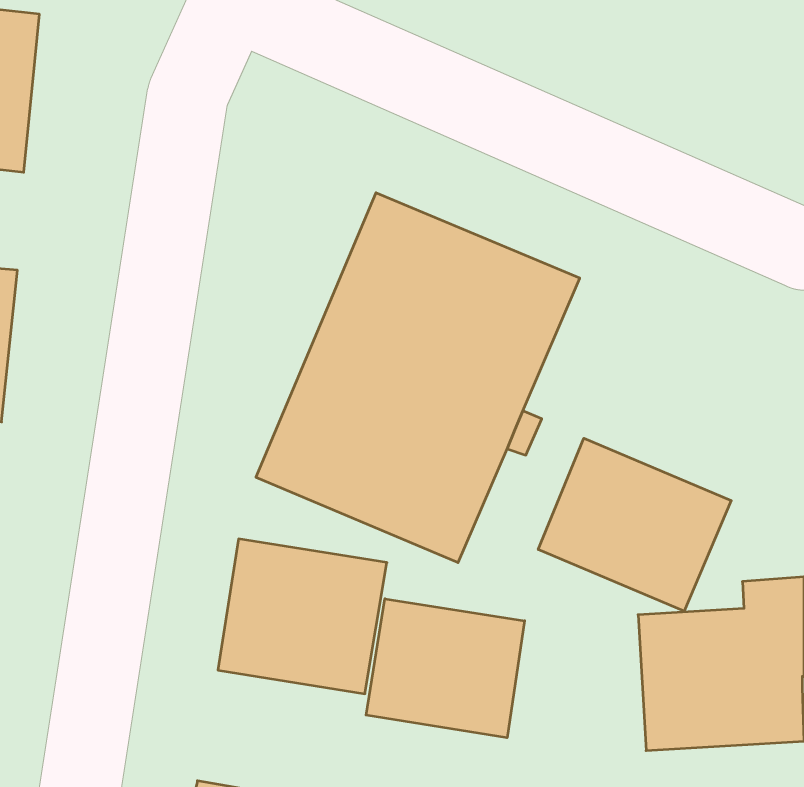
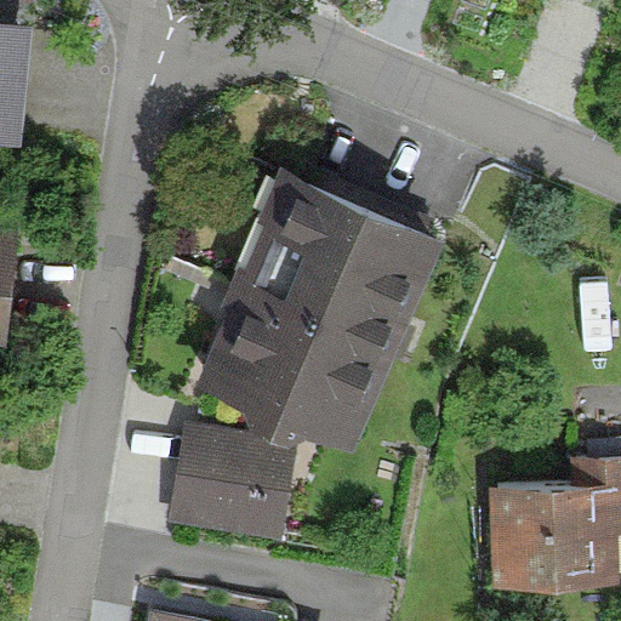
building: [538,438,731,611] -> none
building: [366,599,525,738] -> none

